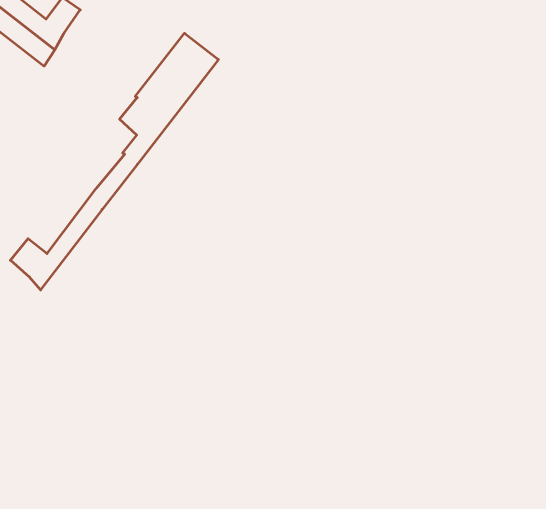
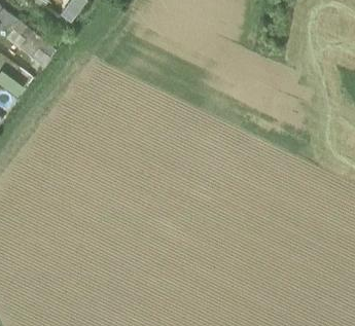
building: [10,33,218,290] -> none

